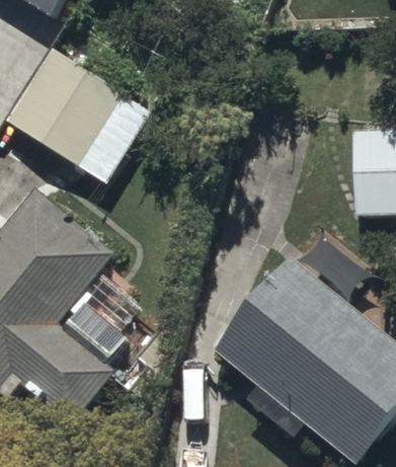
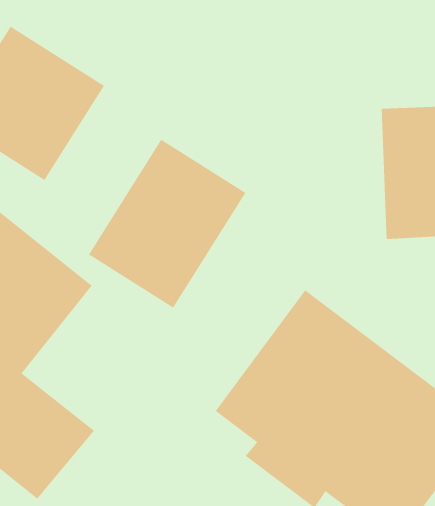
building: none -> [88,139,246,308]

